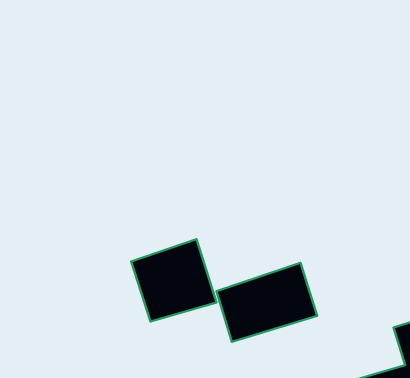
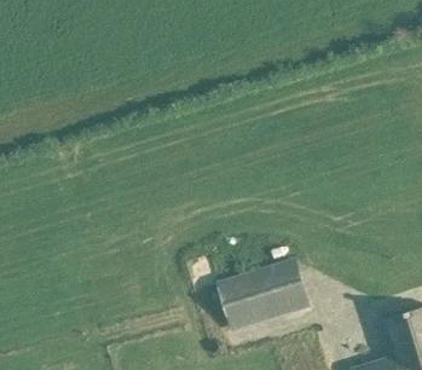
building: [131,239,217,321] -> none

